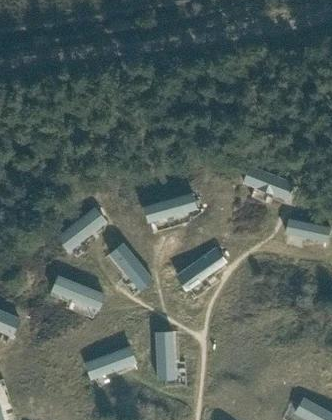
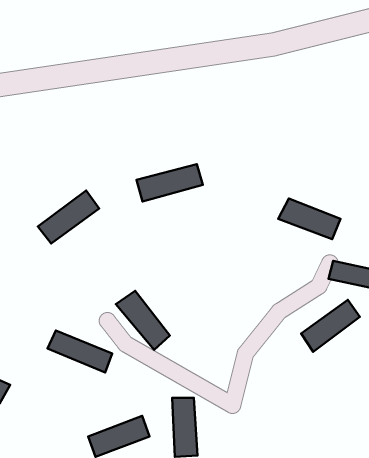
building: [143,193,198,224] -> [137,164,203,202]
building: [56,207,107,251] -> [38,191,99,243]
building: [176,248,225,291] -> [301,300,360,352]

